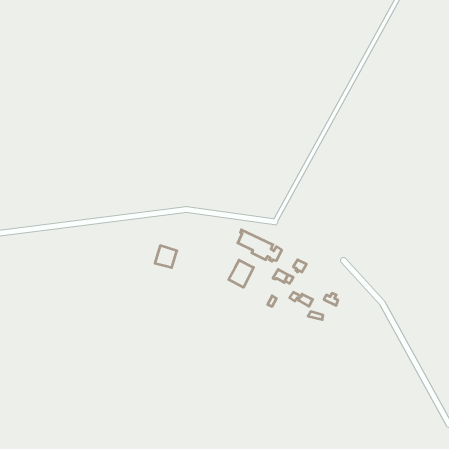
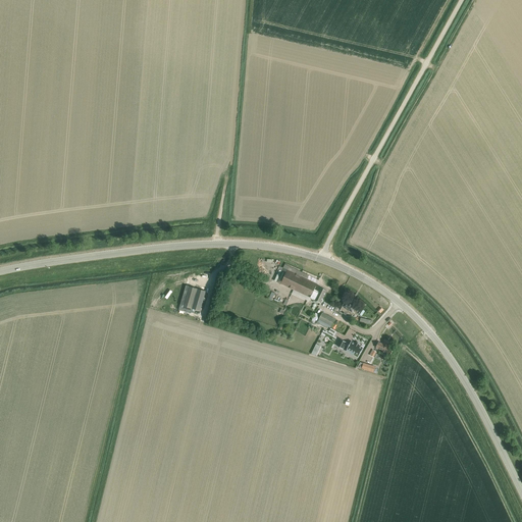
building: [229,260,254,287] -> none

